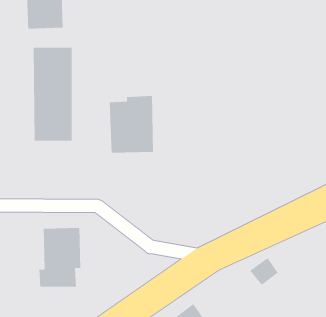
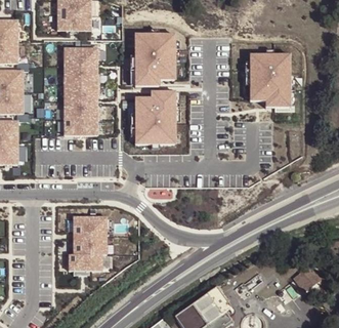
building: none -> [135,32,175,81]
building: none -> [250,52,291,105]
building: [249,257,279,286] -> [292,264,320,291]

